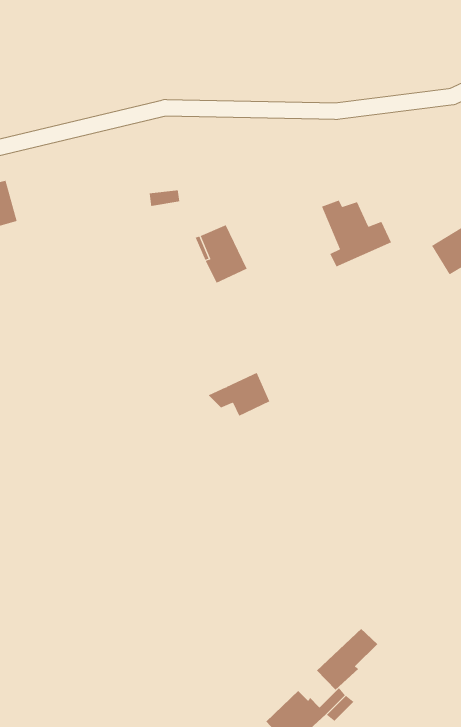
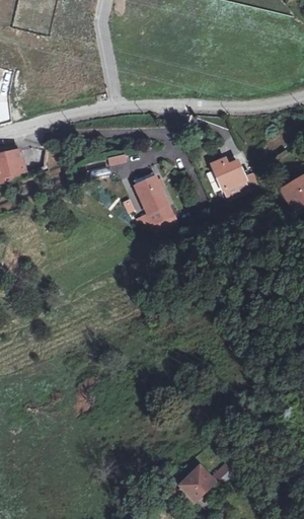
building: [208,372,270,416] -> [137,203,175,230]
building: [316,628,378,691] -> none

